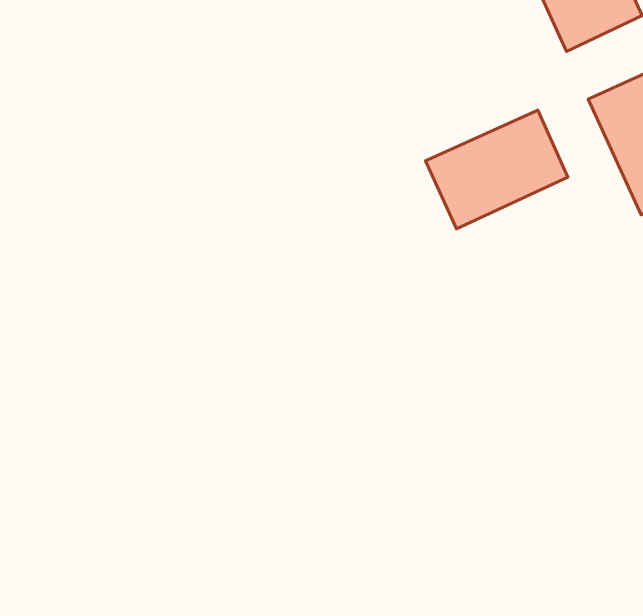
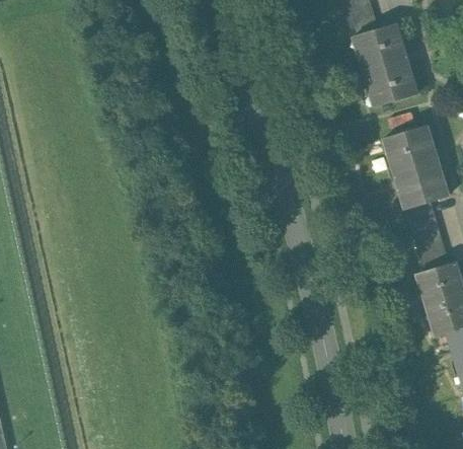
building: [426,110,568,229] -> none

